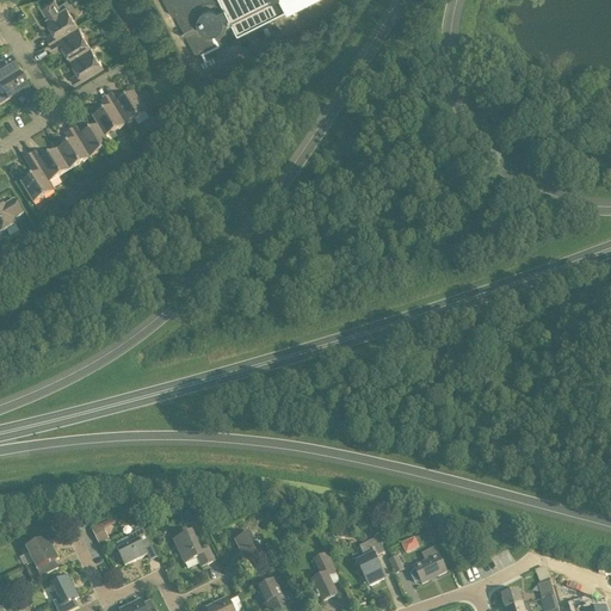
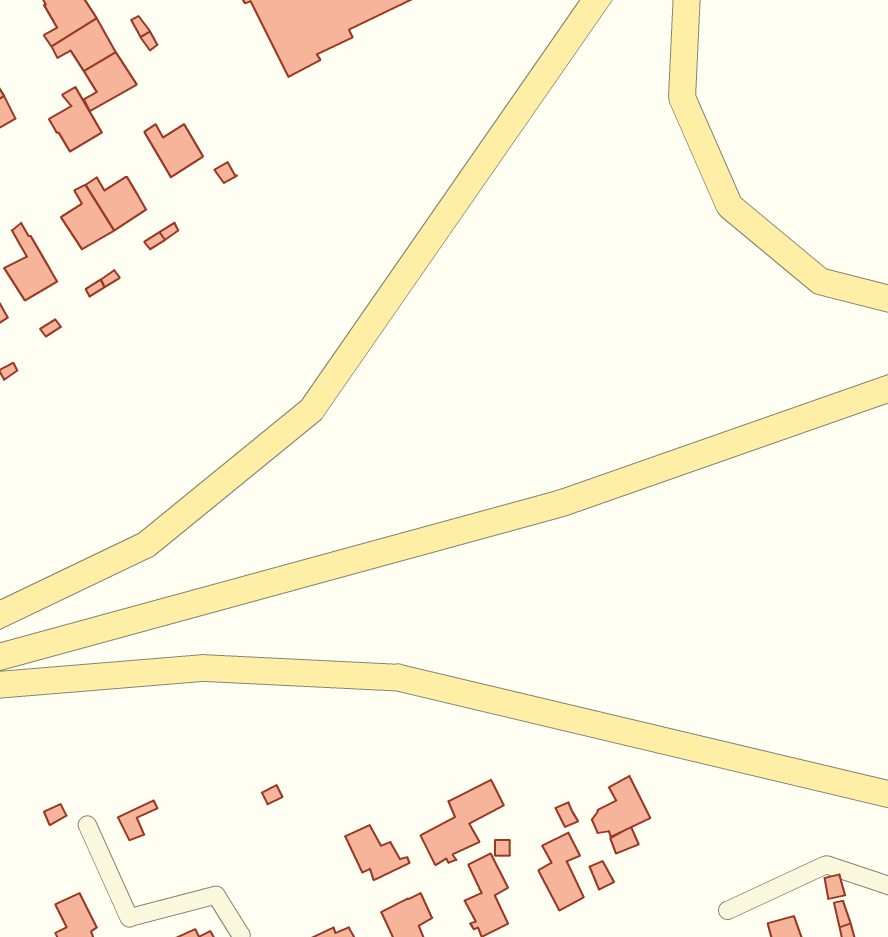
building: [90,94,123,135] -> [49,87,102,151]
building: [29,147,67,180] -> none
building: none -> [421,780,504,865]
building: [115,526,150,563] -> none
building: [172,530,214,566] -> none
building: [21,535,57,575] -> none
building: [408,544,445,582] -> [592,776,650,837]

